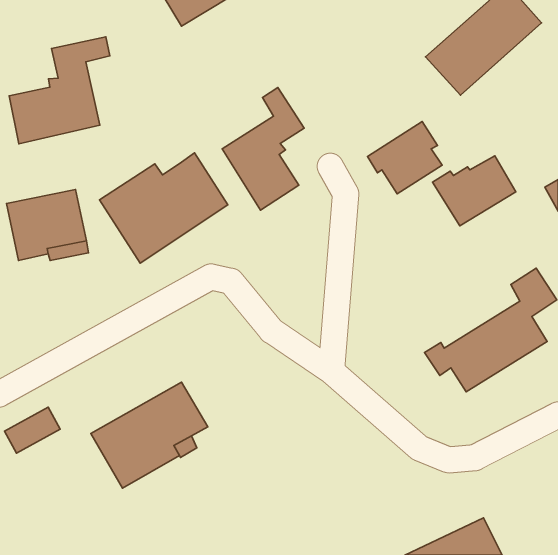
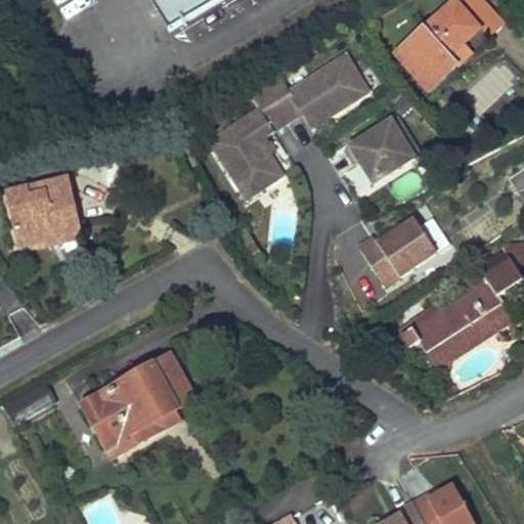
building: [9,37,110,144] -> none
building: none -> [260,52,365,125]
building: [99,153,228,263] -> none
building: [433,156,516,226] -> [356,220,434,286]

